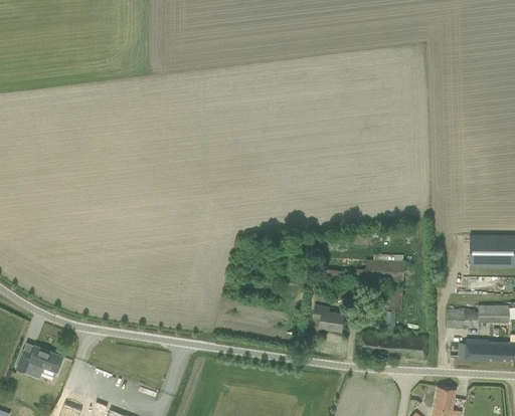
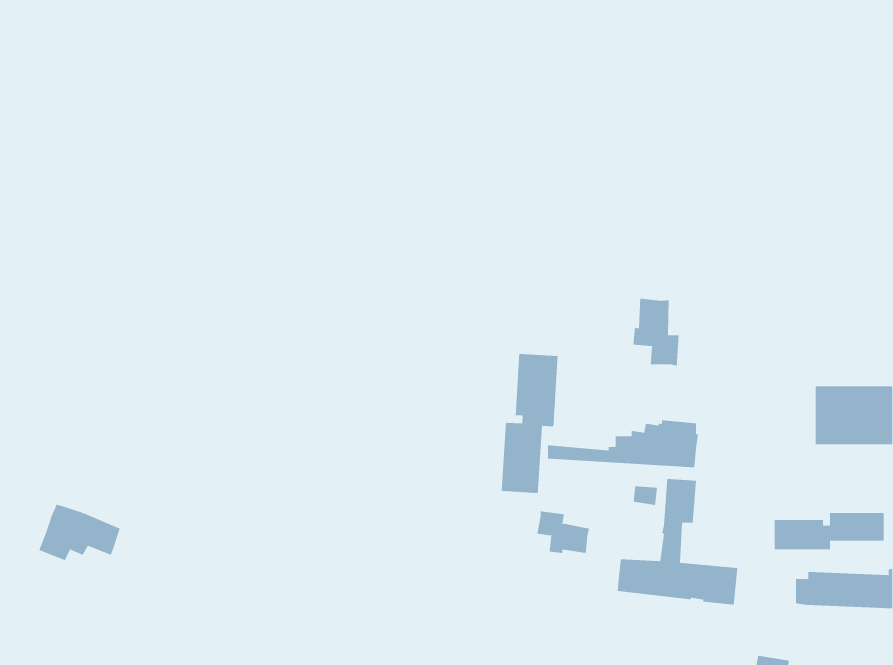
building: none -> [633,298,679,366]
building: none -> [501,353,558,494]
building: [16,344,62,376] -> [38,504,121,561]

